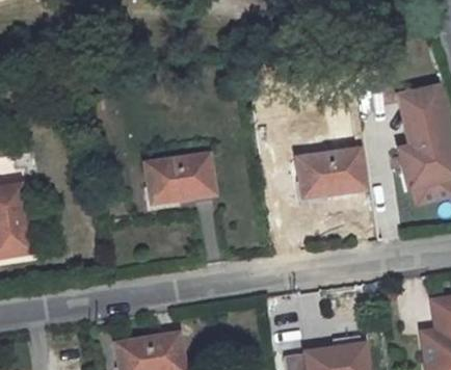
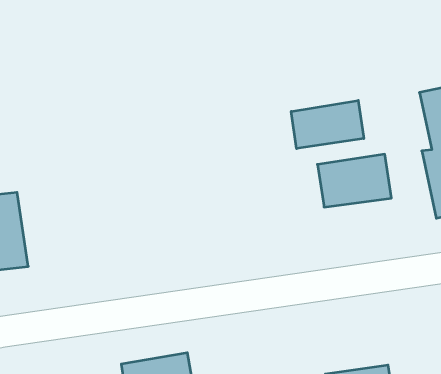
building: none -> [291,100,364,149]
building: [147,154,214,203] -> none

